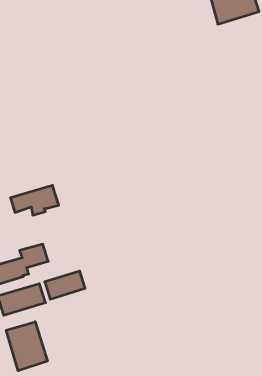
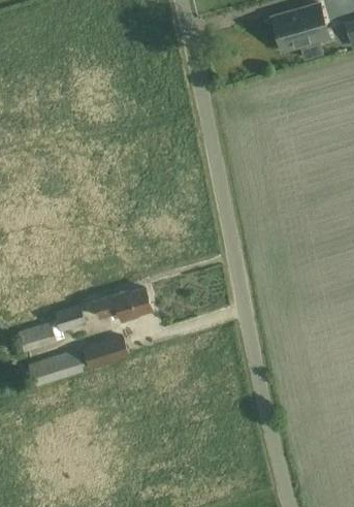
building: [10,185,59,215] -> [96,287,152,321]
building: [6,322,47,371] -> none

